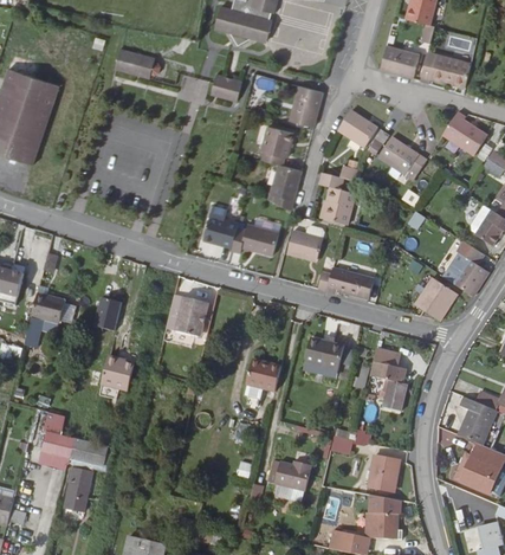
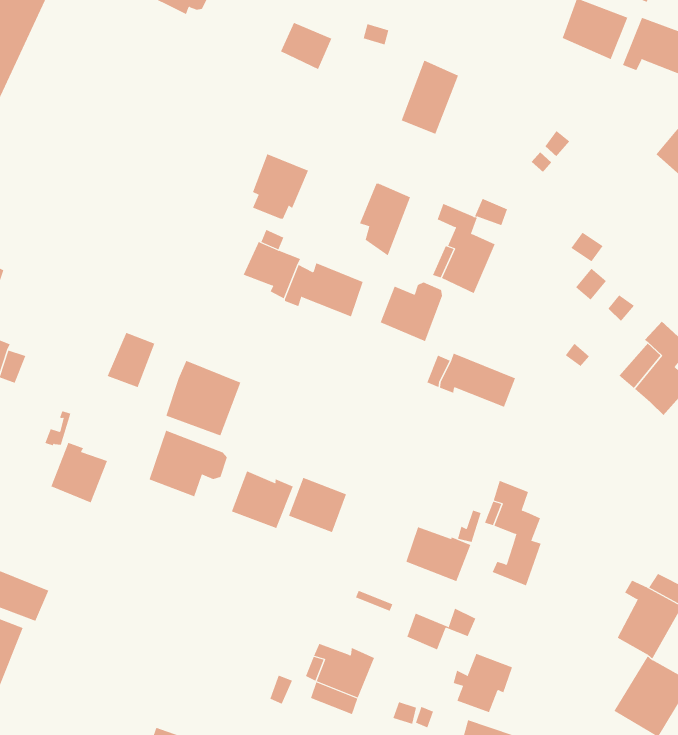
building: [339,109,380,146] -> none
building: [257,134,290,173] -> [252,154,309,219]
building: [380,135,429,175] -> none
building: [414,275,457,318] -> none
building: [92,298,119,331] -> [107,332,155,388]
building: [306,337,345,368] -> [405,527,471,582]
building: none -> [149,430,227,497]
building: none -> [231,471,293,529]

